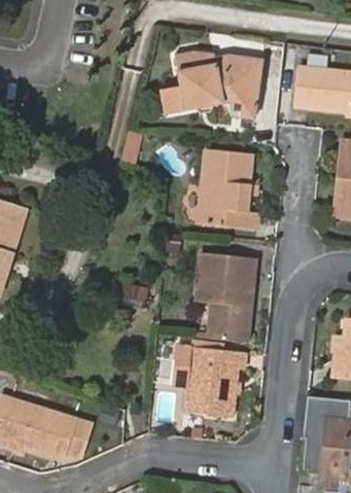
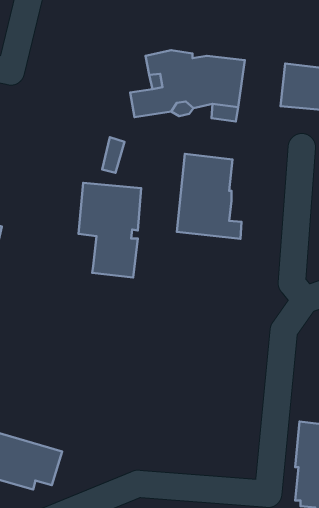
building: [197,251,254,339] -> [79,183,141,277]
building: [186,343,246,412] -> none

